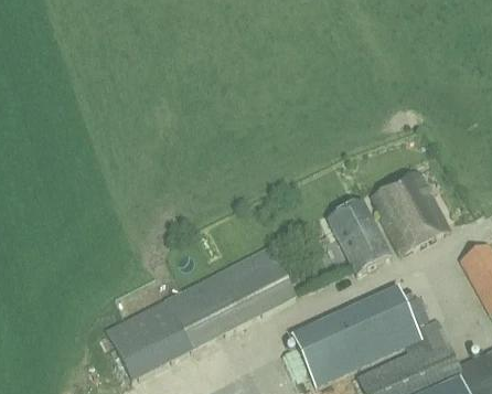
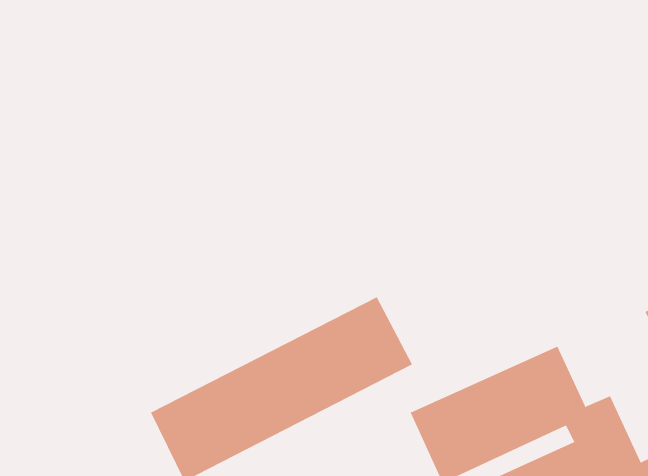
building: [372,169,450,254] -> none
building: [328,199,392,271] -> none

